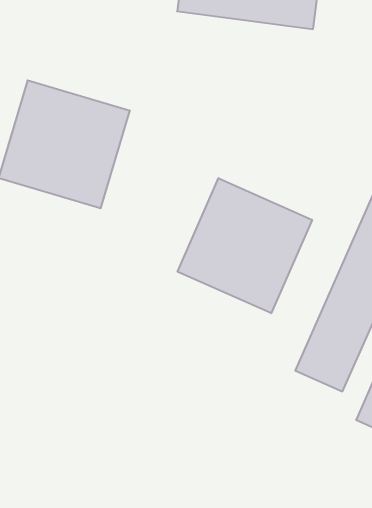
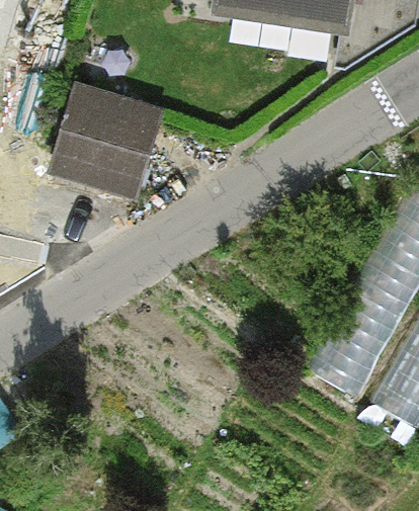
building: [178,178,312,313] -> none

